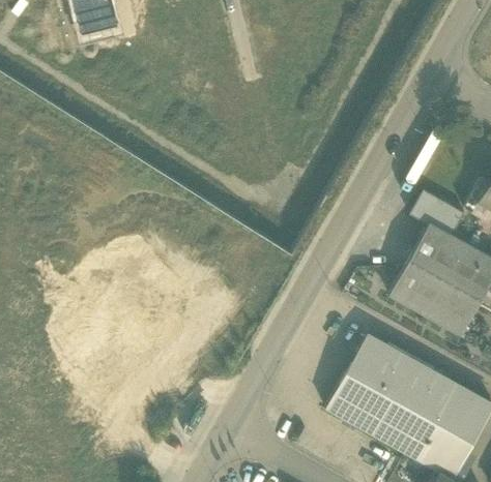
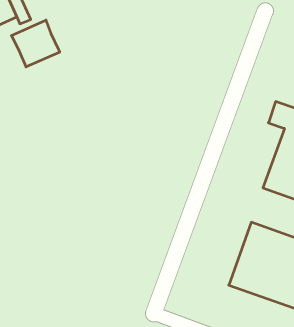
building: none -> [11,20,60,67]

